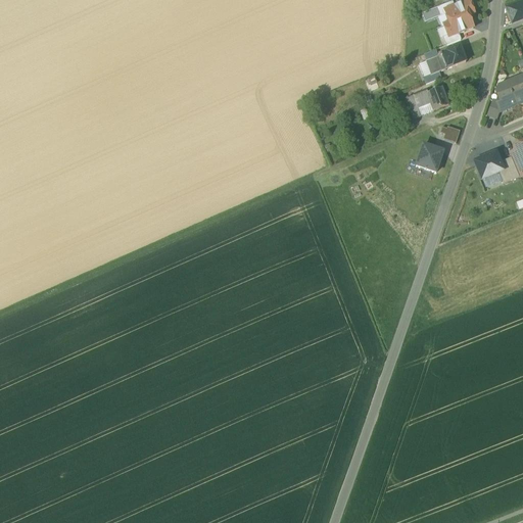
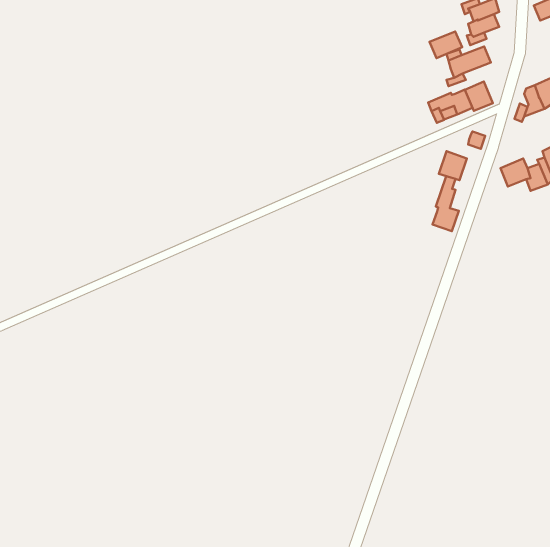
building: none -> [430,31,462,58]
building: none -> [465,81,493,111]
building: none -> [432,176,459,231]

